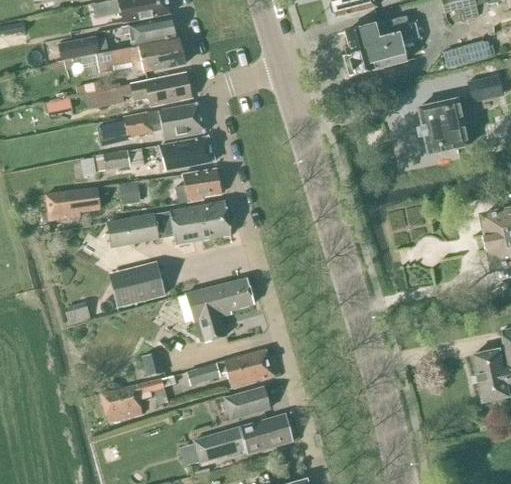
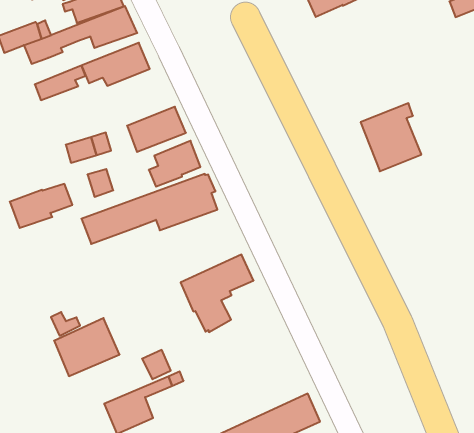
building: [418,97,468,154] -> [361,103,421,171]
building: [96,102,205,146] -> none
building: [109,261,166,308] -> [54,318,120,376]
building: [187,348,274,386] -> none
building: [225,387,270,419] -> none

